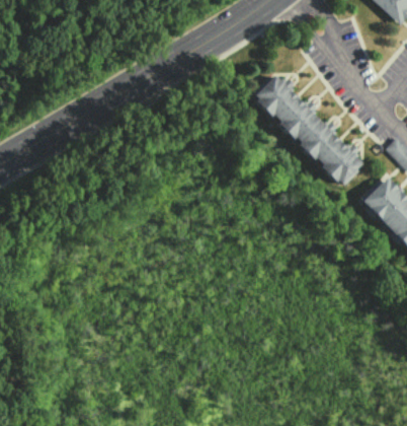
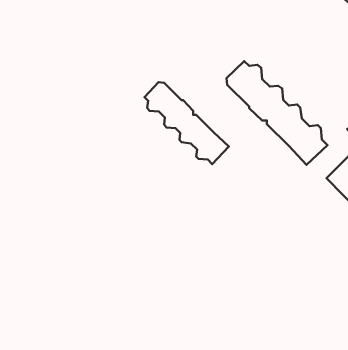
building: none -> [144,82,229,164]

